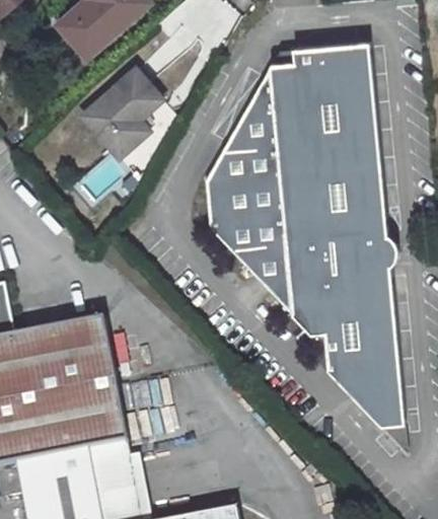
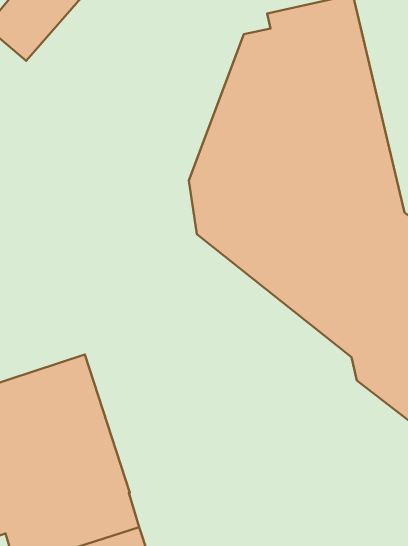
building: [77,71,161,162] -> none

